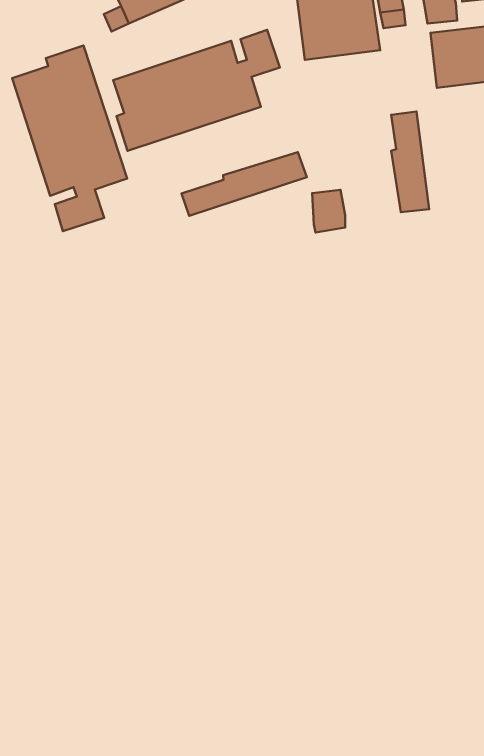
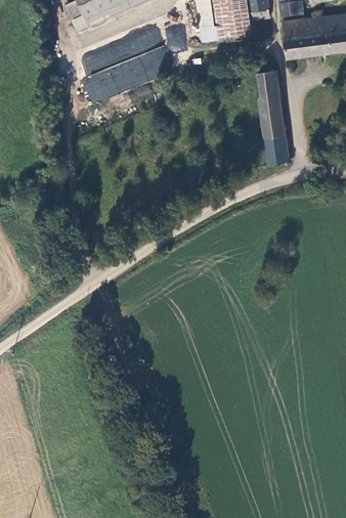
building: [12,45,127,231] -> none
building: [182,152,307,216] -> none
building: [312,190,345,232] -> [265,137,287,165]

